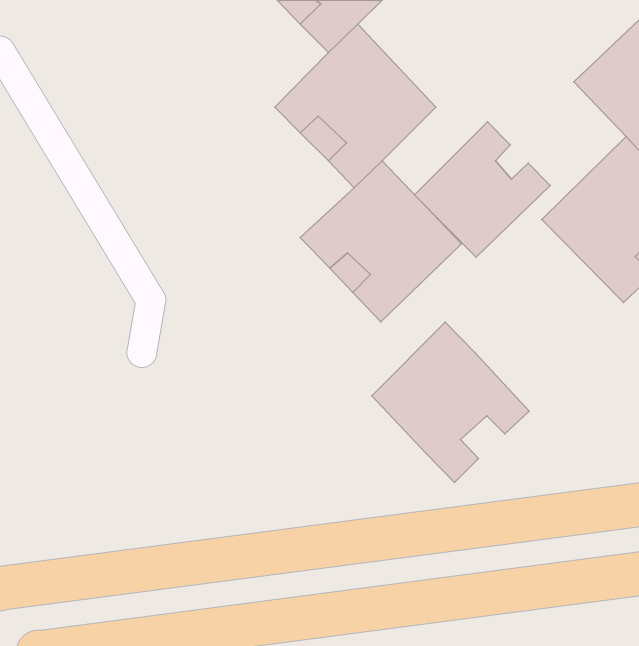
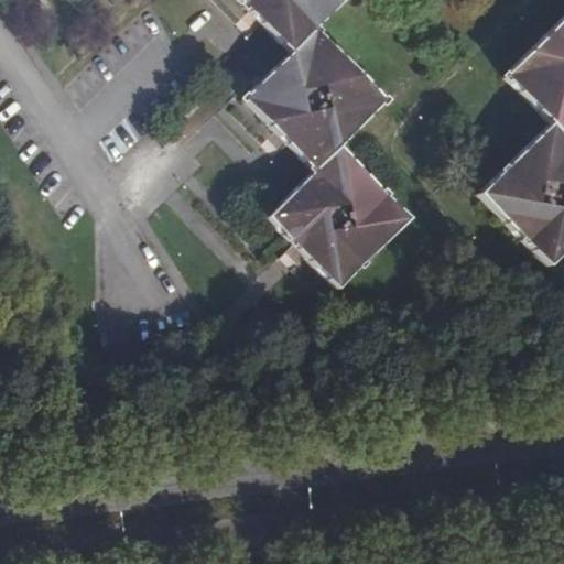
building: [414,122,550,257] -> none
building: [372,322,529,482] -> none

